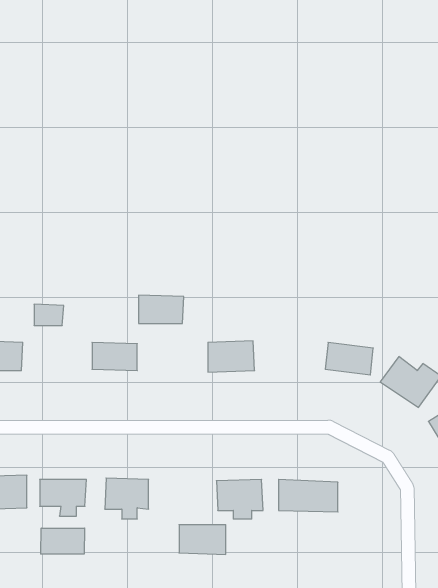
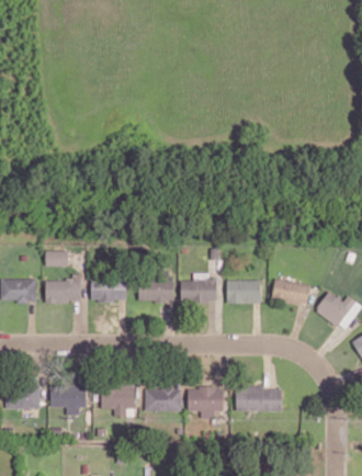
building: [139,295,184,323] -> [139,280,174,302]
building: none -> [45,279,82,303]
building: none -> [227,280,260,303]
building: [179,525,226,554] -> [146,388,182,411]
building: [41,528,85,554] -> none

